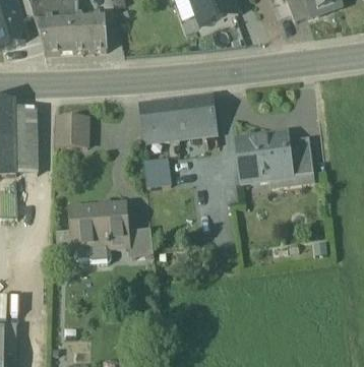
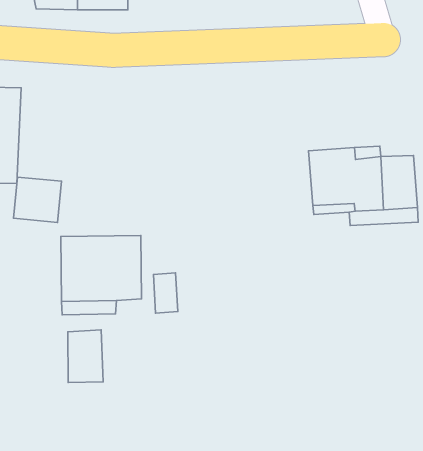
building: [138,93,217,137] -> none
building: [56,116,87,145] -> [14,177,62,222]
building: [143,157,171,186] -> none
building: none -> [68,330,103,382]

